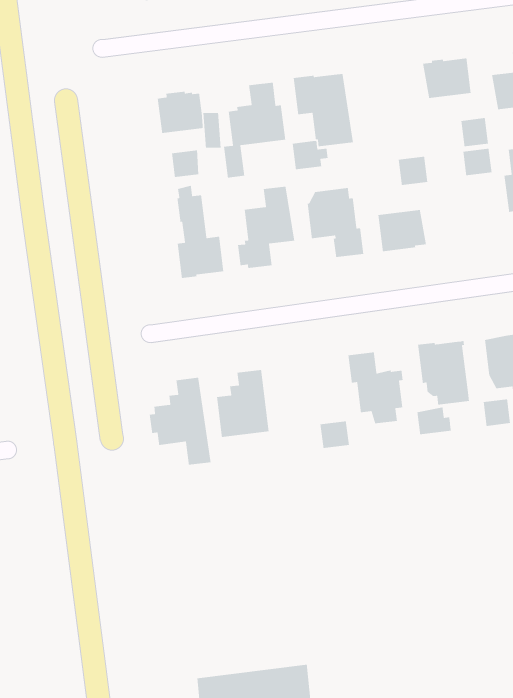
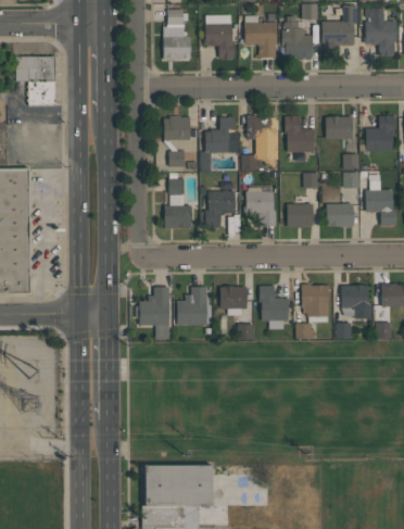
building: none -> [285,115,315,151]
building: none -> [326,203,353,226]
building: none -> [219,286,247,314]

